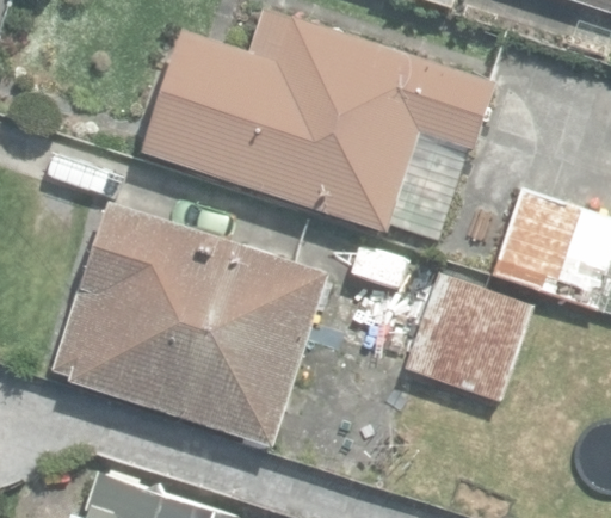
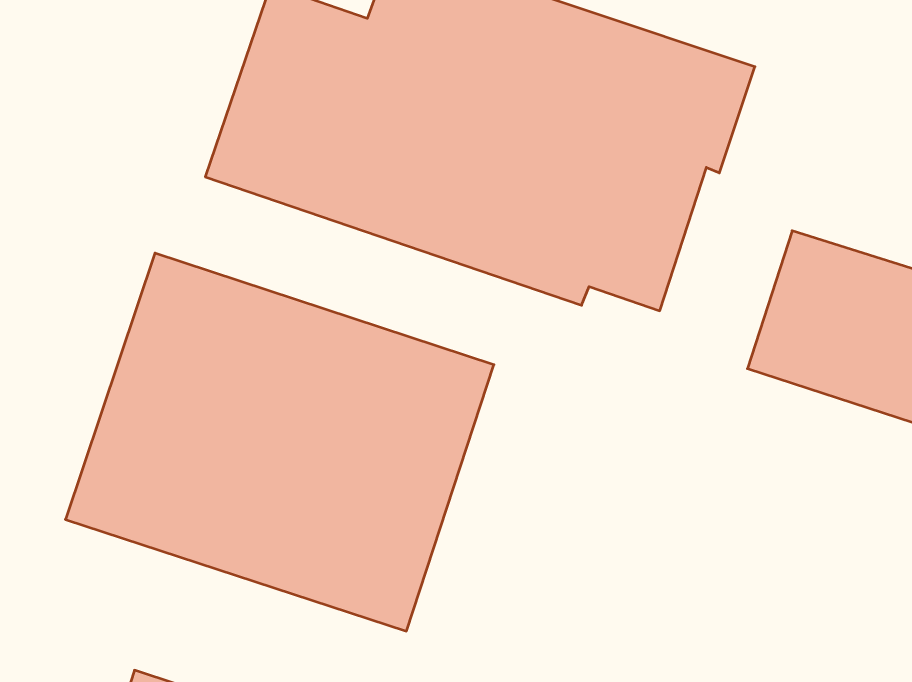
building: [403,272,533,401] -> none

